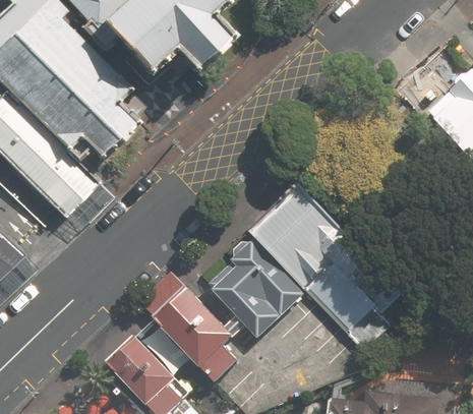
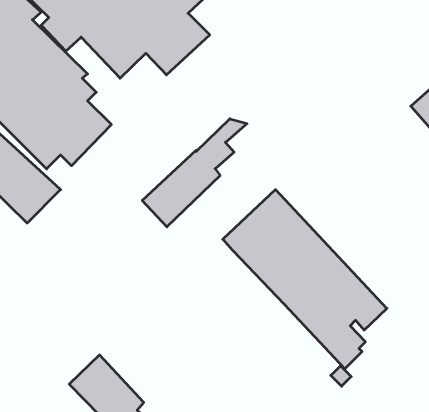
building: none -> [142,119,247,227]
building: [209,239,306,338] -> none
building: [155,289,238,383] -> none

